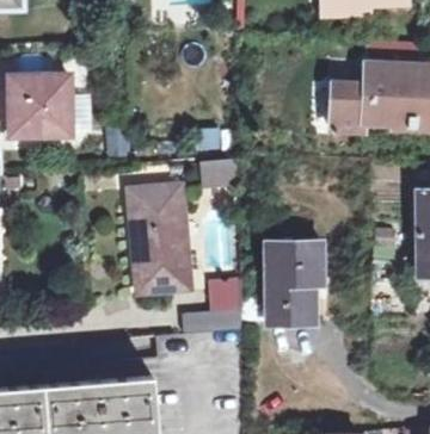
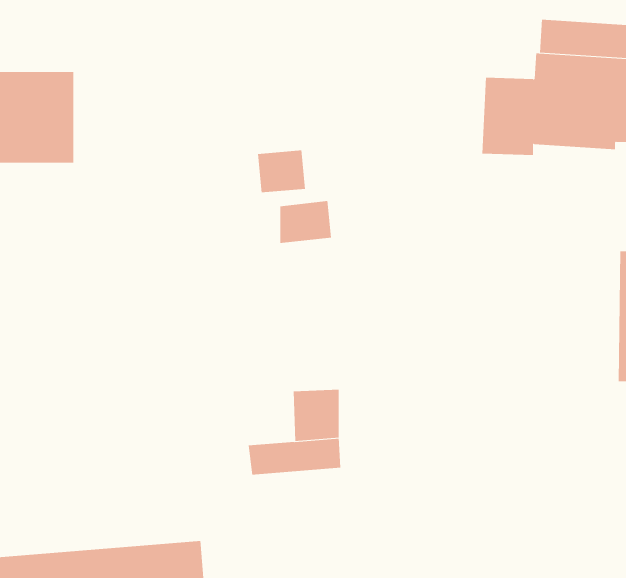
building: [129,186,191,294] -> none
building: [265,242,322,324] -> none

